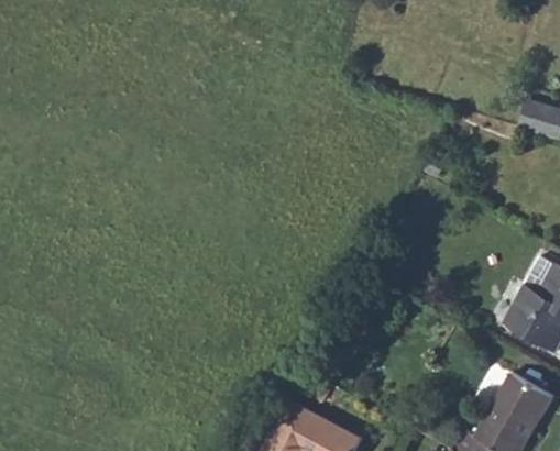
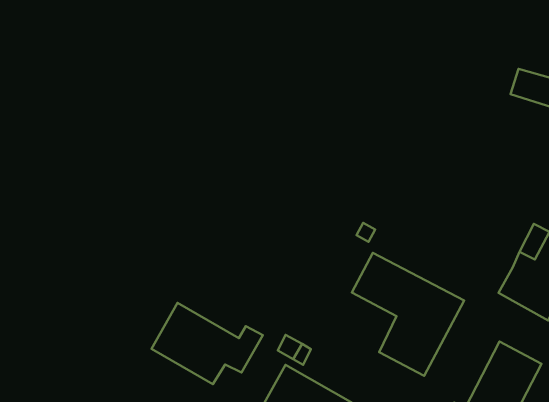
building: none -> [352,253,464,376]
building: none -> [152,303,263,384]

